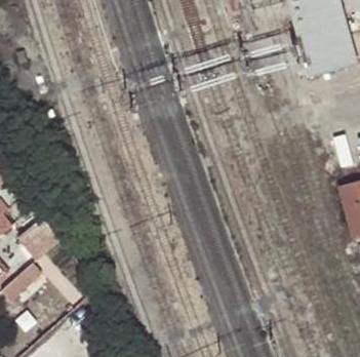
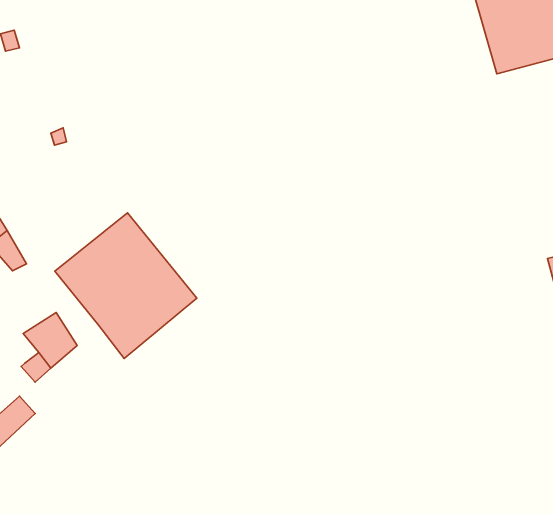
building: none -> [55,213,197,359]

